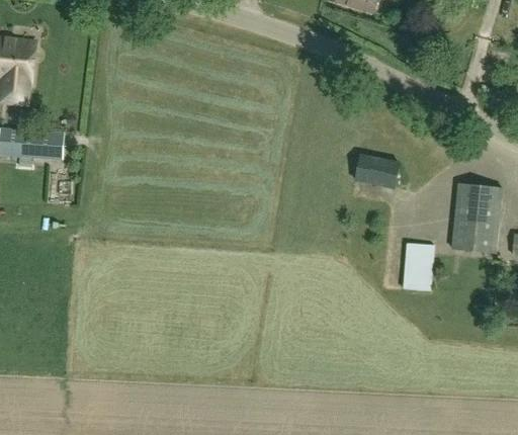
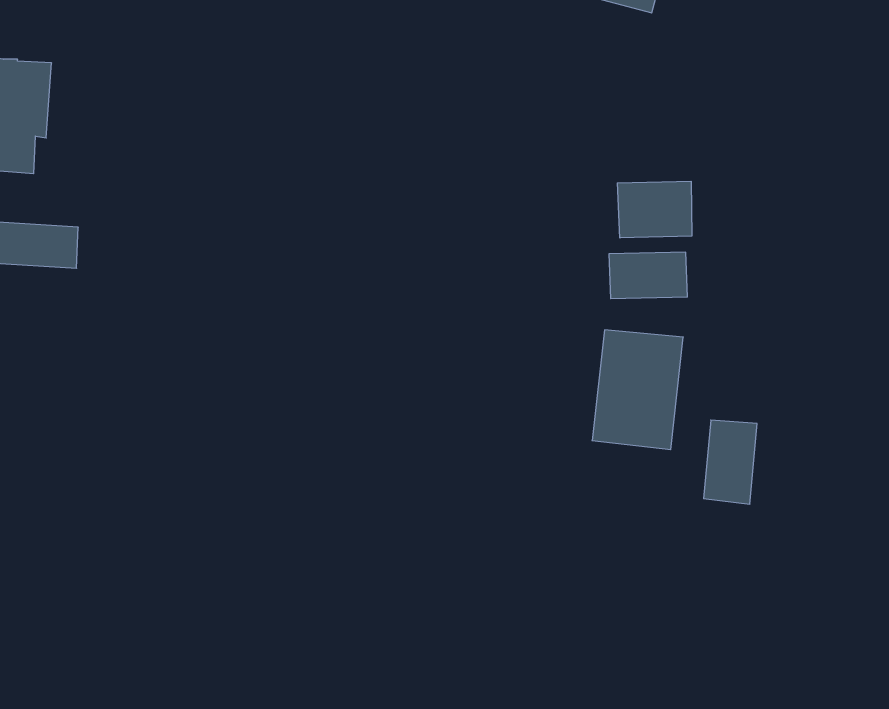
building: none -> [617,181,692,238]
building: [451,184,503,252] -> [592,330,683,450]

